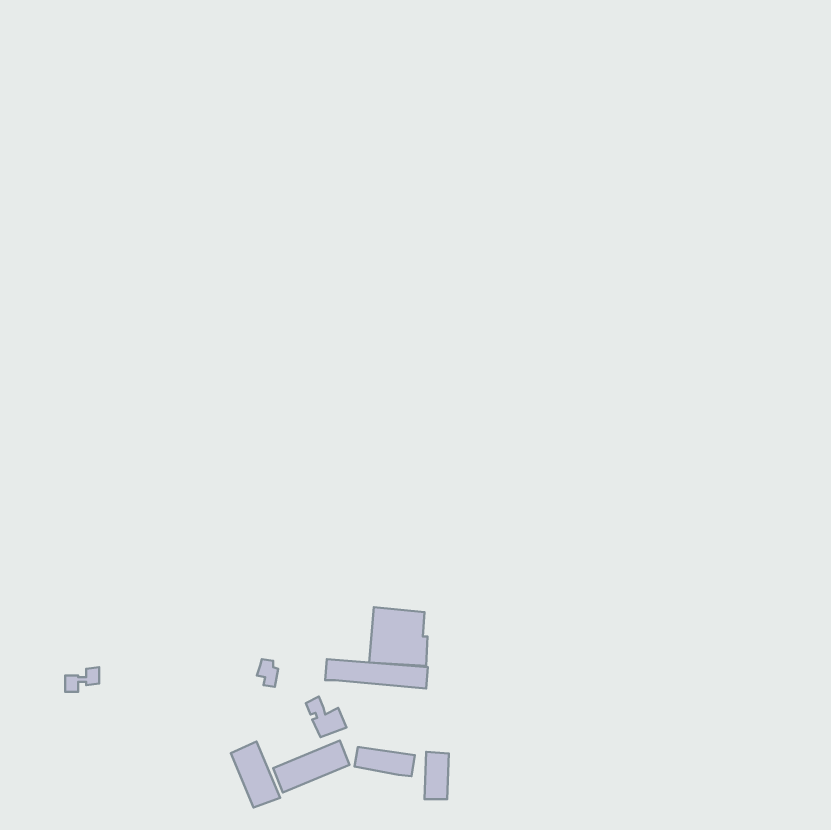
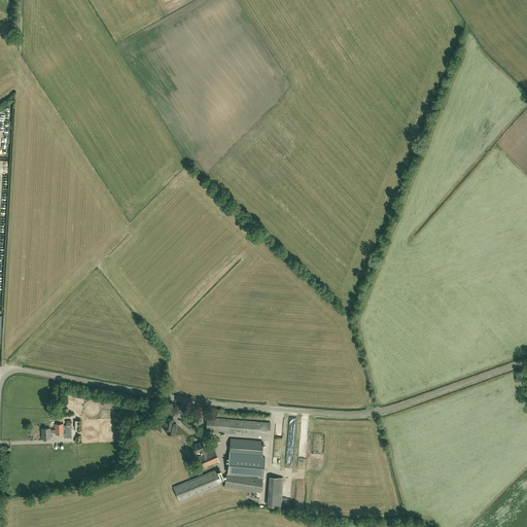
building: [369,607,428,666] -> [227,437,265,475]
building: [231,741,280,808] -> none

